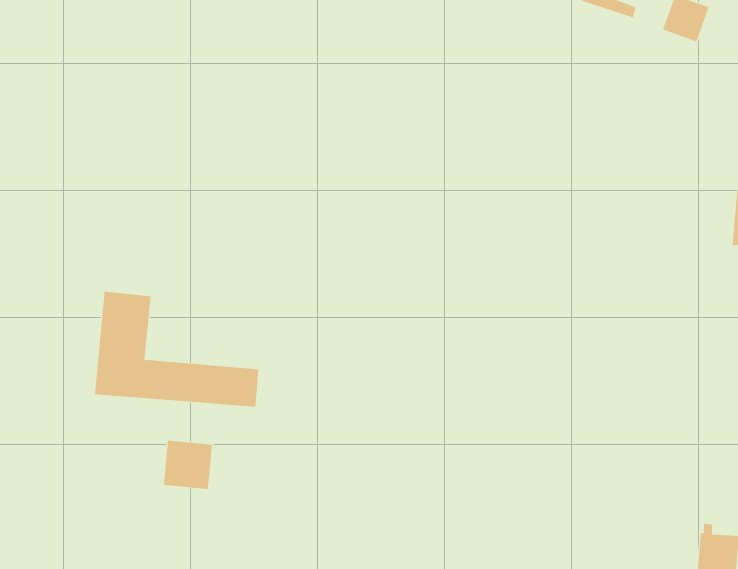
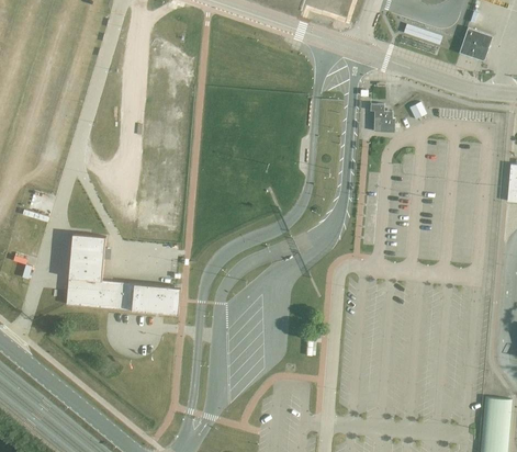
building: none -> [370,104,394,133]
building: [163,440,213,490] -> none

